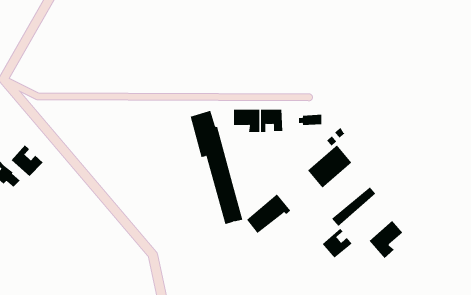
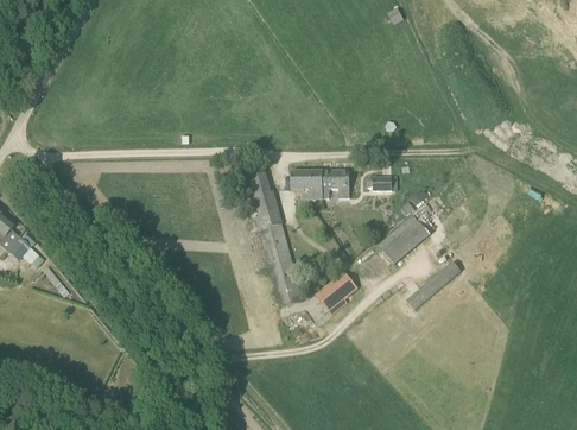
building: [11,145,44,177] -> none
building: [369,220,403,259] -> none
building: [322,228,353,258] -> none

